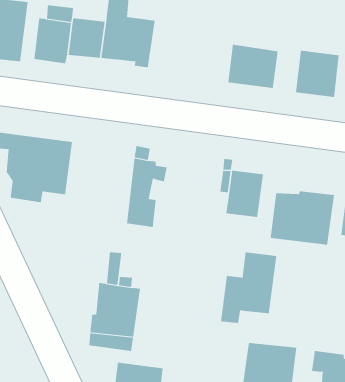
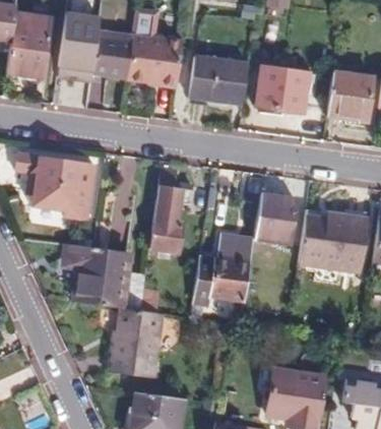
building: none -> [190,56,248,105]
building: none -> [63,246,127,310]
building: [220,252,277,324] -> [194,236,253,310]

